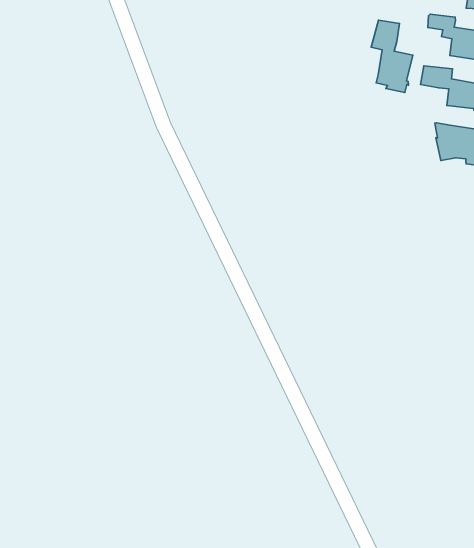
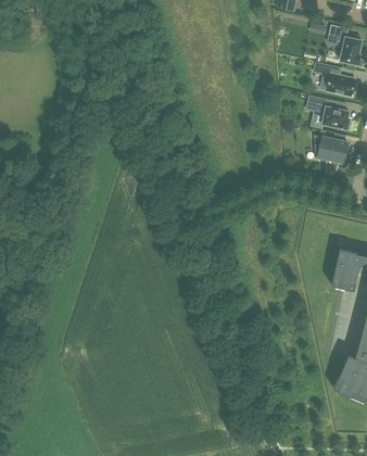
building: [371,20,413,92] -> none

